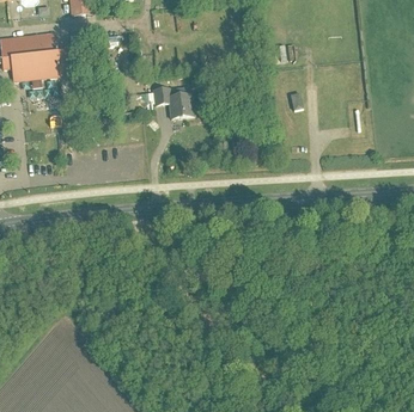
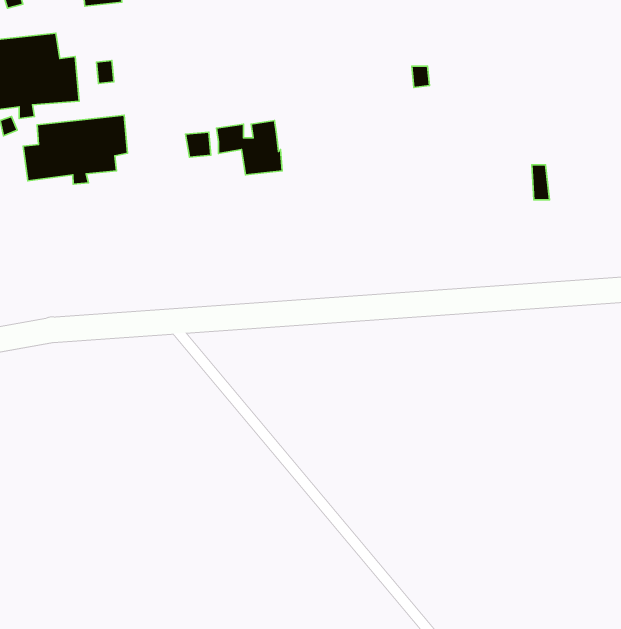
building: none -> [23,115,128,184]

